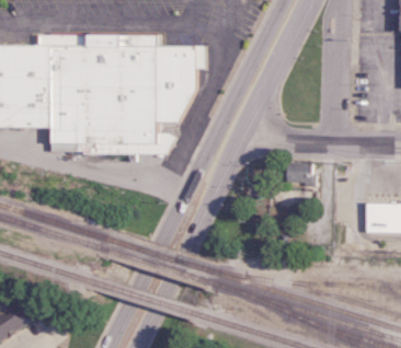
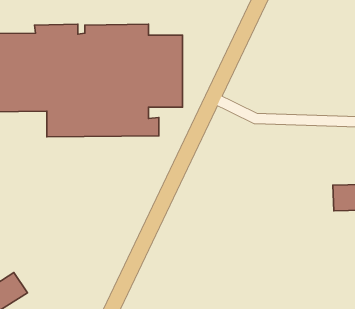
building: [288,162,314,183] -> none

